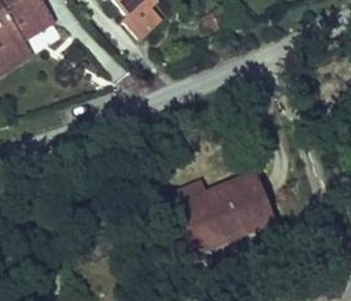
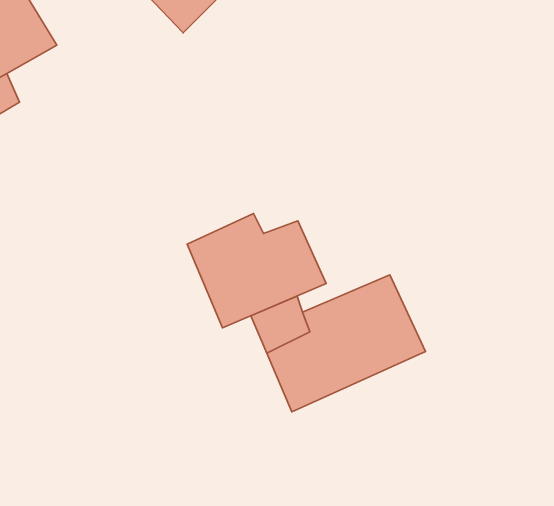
building: none -> [187,214,326,328]

